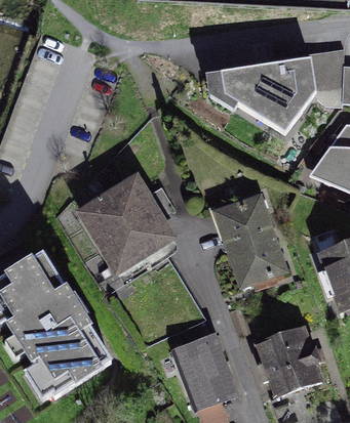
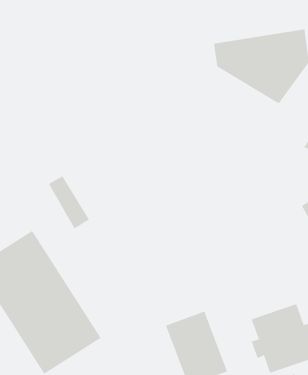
building: [81,177,177,270] -> none
building: [216,197,284,284] -> none

